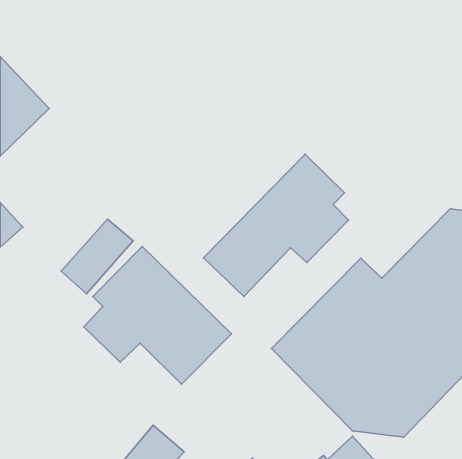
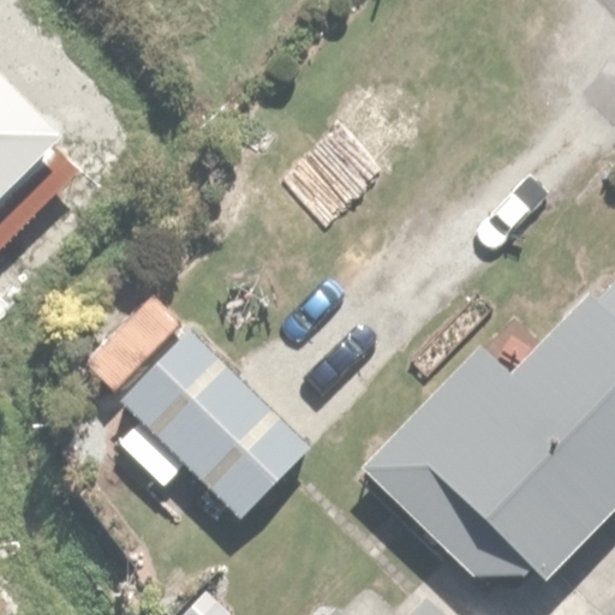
building: [203,154,348,296] -> none

